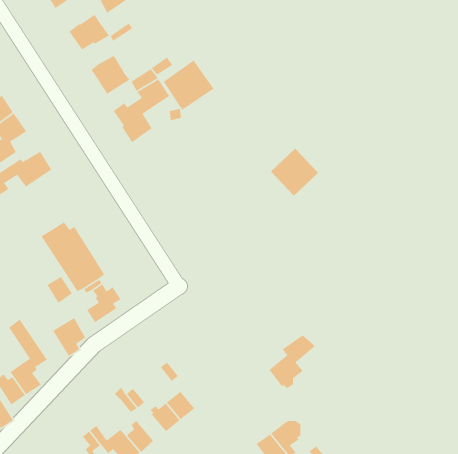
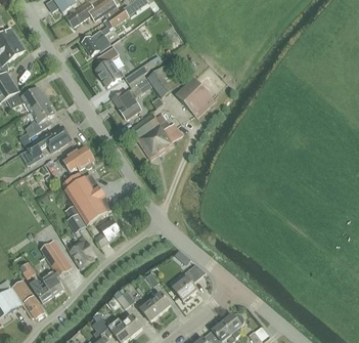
building: none -> [132,113,182,159]
building: [270,148,319,197] -> [181,84,215,118]
building: none -> [61,144,93,171]
building: [269,334,316,389] -> [173,263,206,301]

